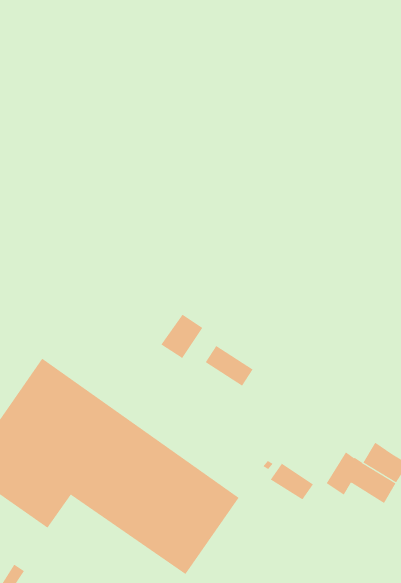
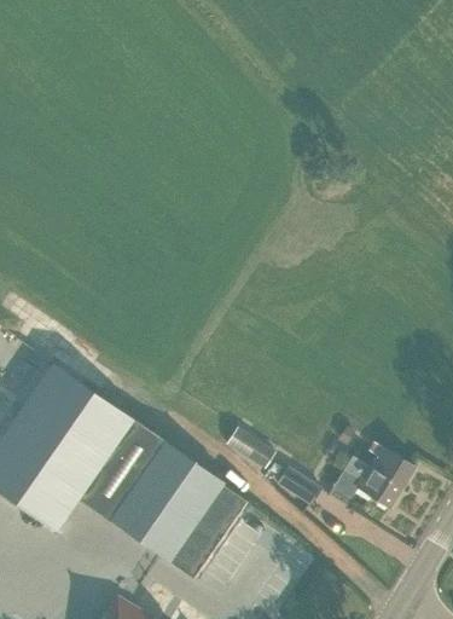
building: [160,314,203,360] -> none
building: [205,345,253,387] -> [226,426,274,467]

